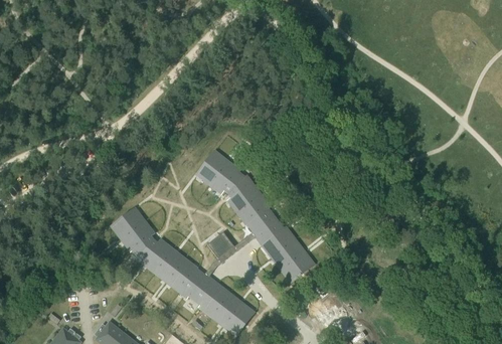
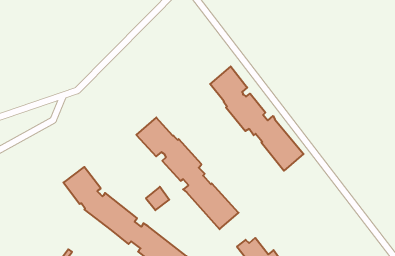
building: none -> [210,66,304,171]

